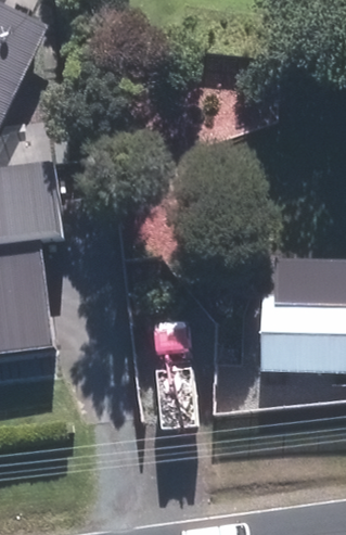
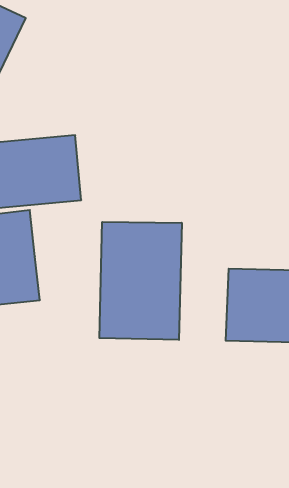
building: none -> [99,222,182,340]

